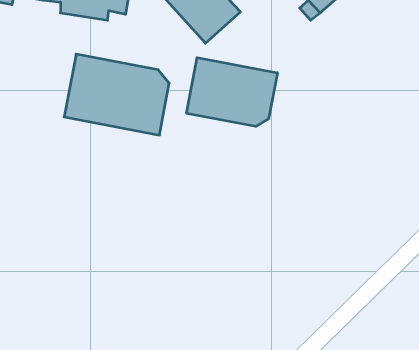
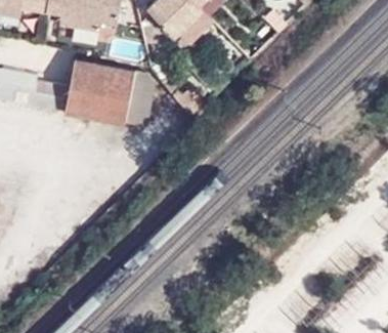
building: [187,58,277,126] -> none

